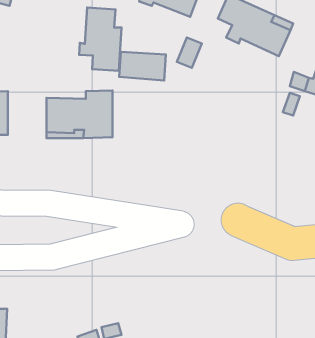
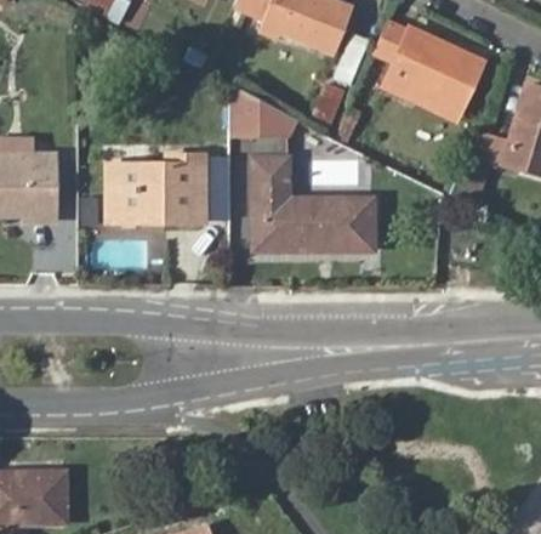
building: [79,8,122,71] -> none
building: none -> [264,159,383,252]

